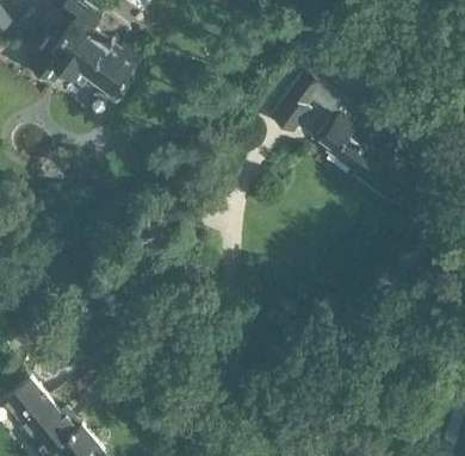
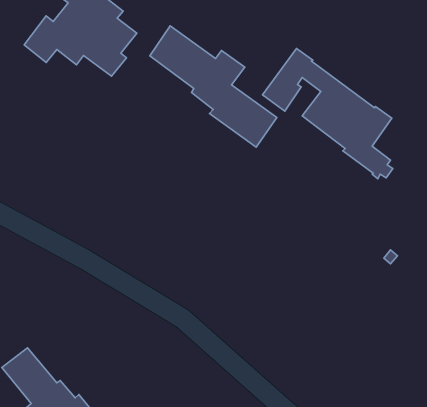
building: none -> [150,26,277,147]

